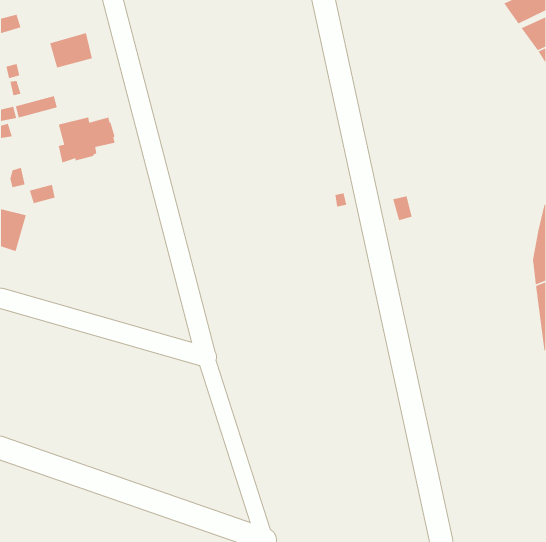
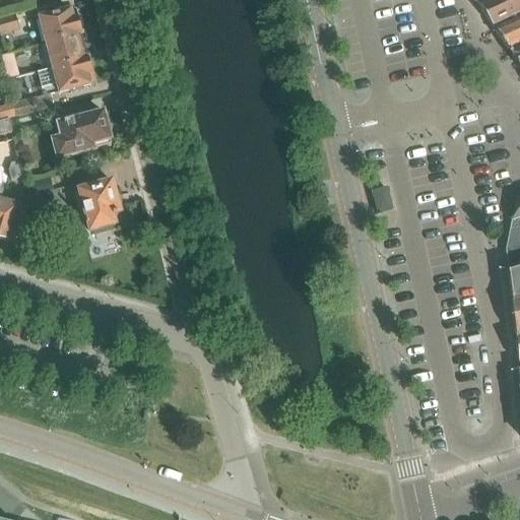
building: none -> [41,6,82,41]
building: none -> [40,56,95,90]
building: none -> [75,179,121,229]

